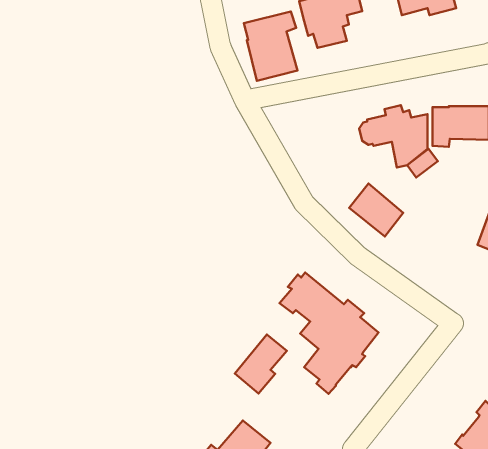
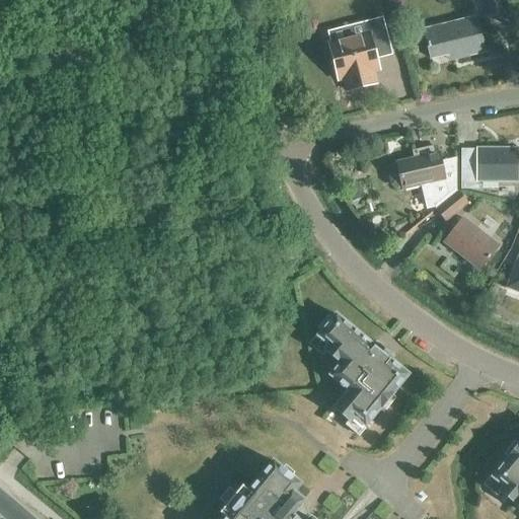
building: [244,12,298,81] -> none
building: [349,183,403,236] -> [443,216,497,269]
building: [235,335,287,394] -> none

